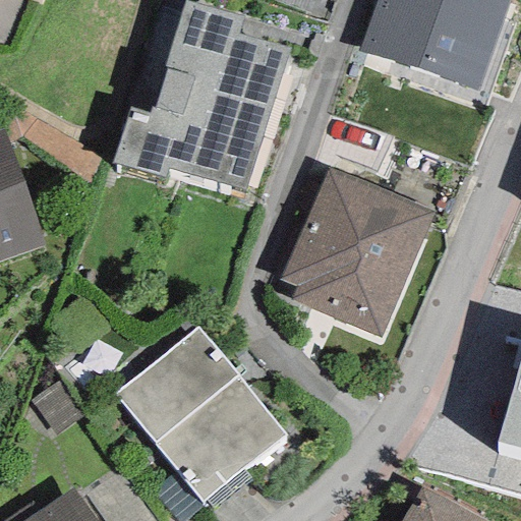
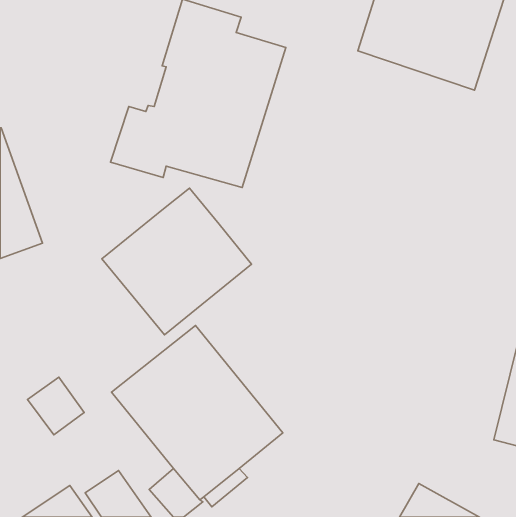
building: [279,166,436,338] -> none
building: none -> [102,188,252,335]

